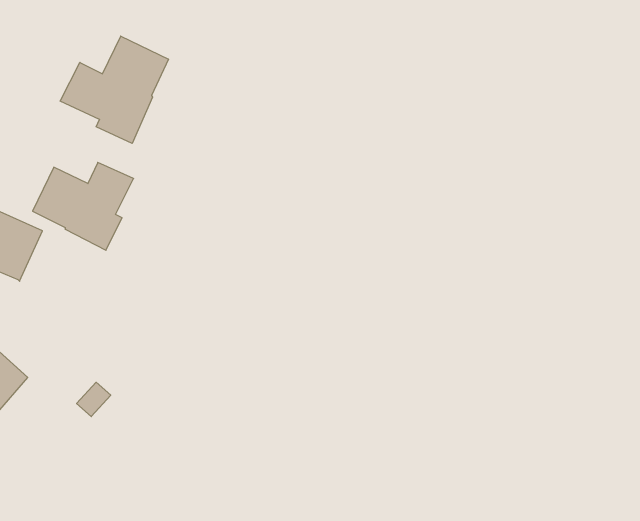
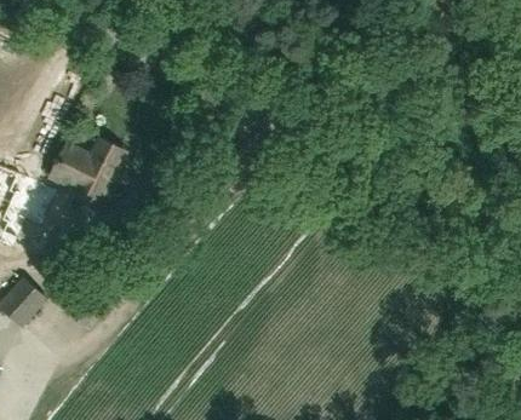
building: [60,36,168,143] -> none

